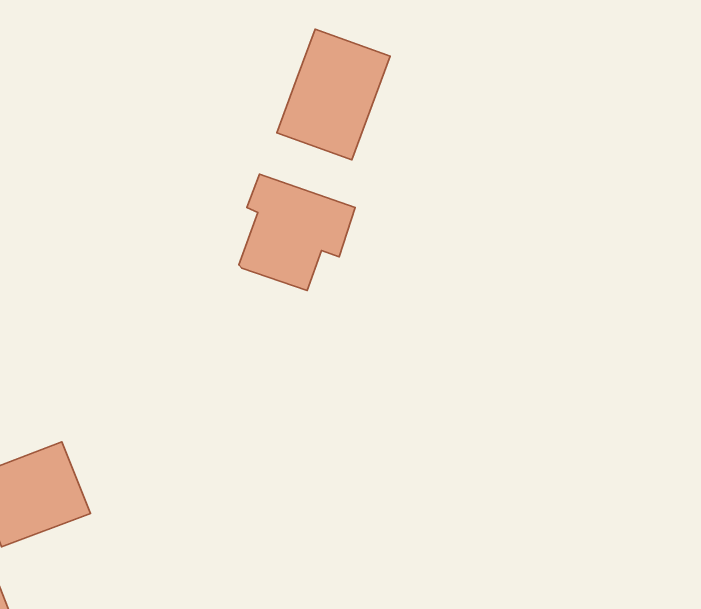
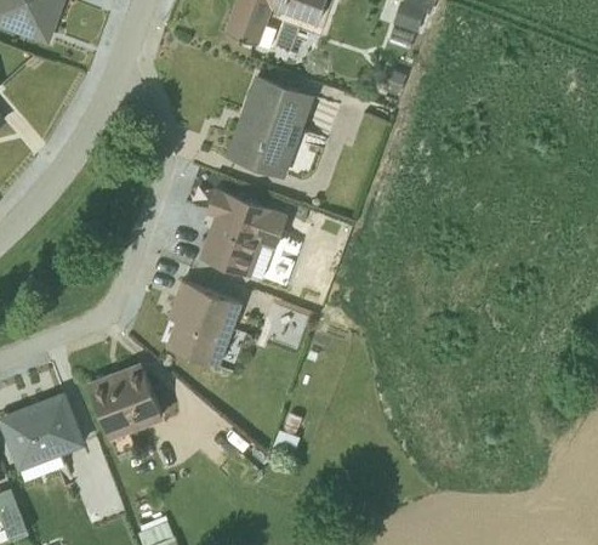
building: none -> [164,279,241,365]
building: none -> [86,362,163,455]

